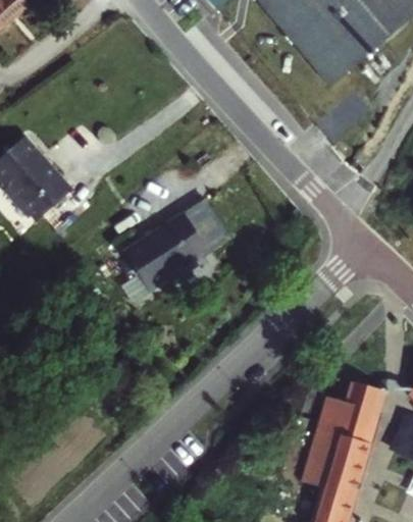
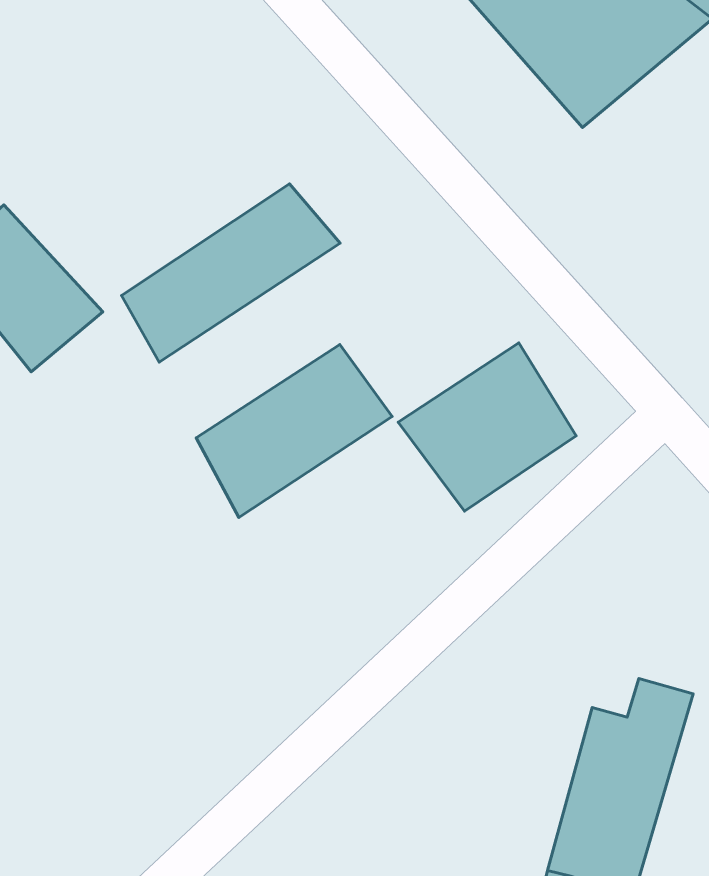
building: none -> [121,184,340,362]
building: none -> [398,343,576,511]

